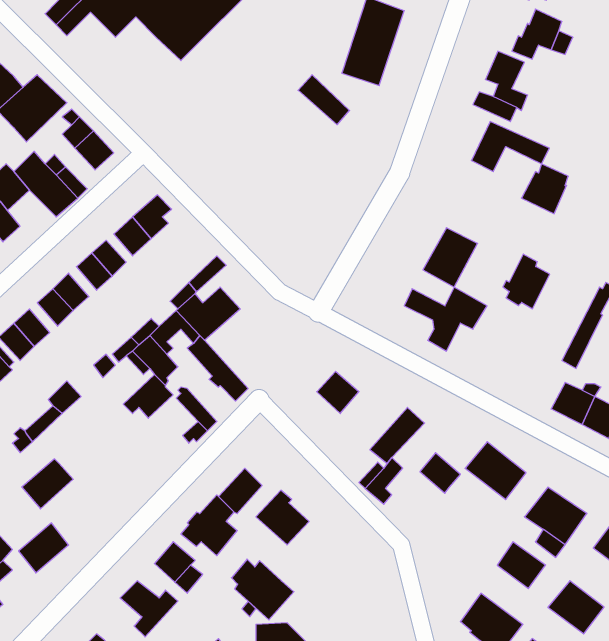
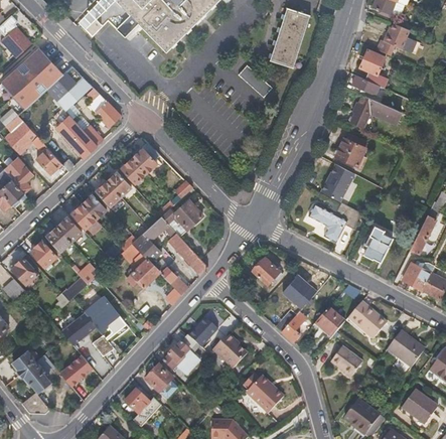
building: [521,164,568,214] -> [335,133,365,165]
building: [503,254,550,309] -> [361,226,392,261]
building: none -> [86,299,116,328]
building: [497,542,546,589] -> [331,346,362,377]
building: [231,559,294,620] -> [245,373,285,412]

